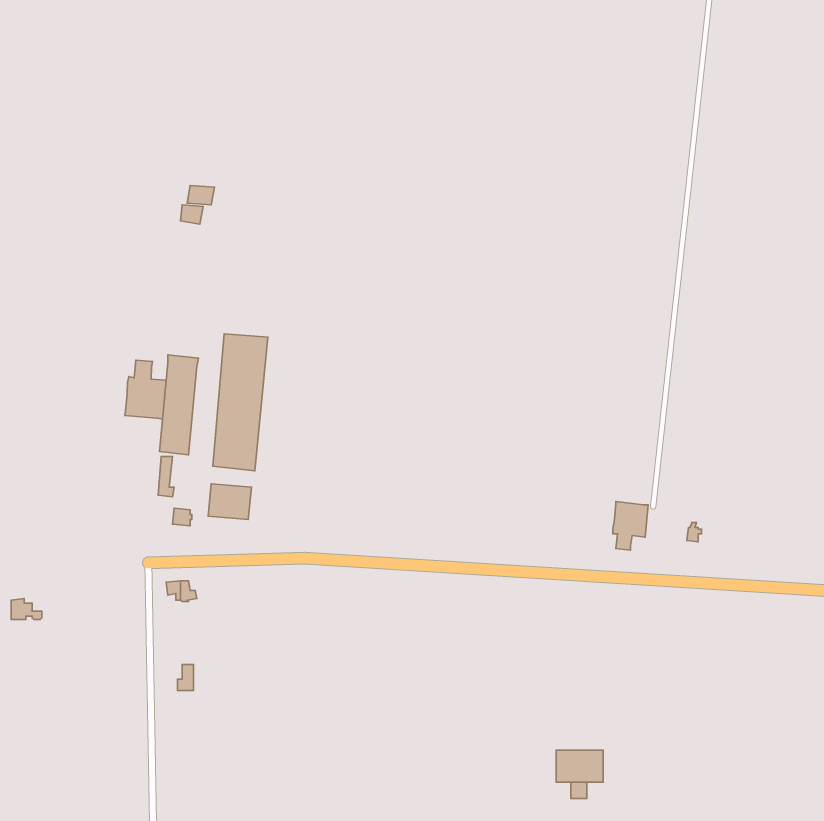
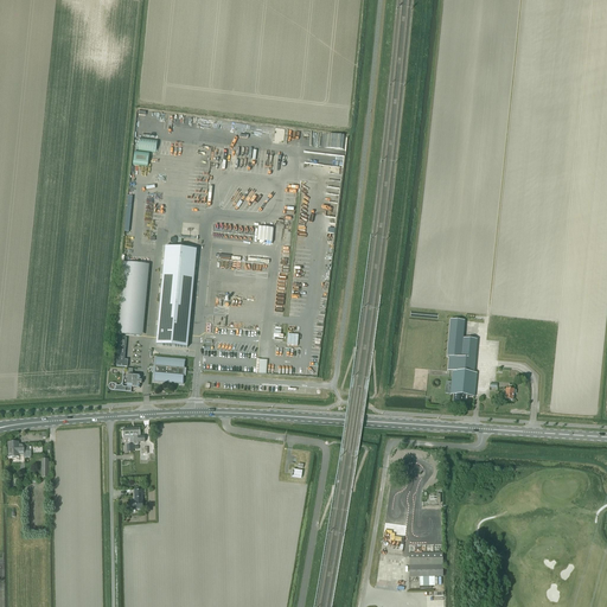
building: [125,360,166,419] -> none
building: none -> [447,318,477,371]

